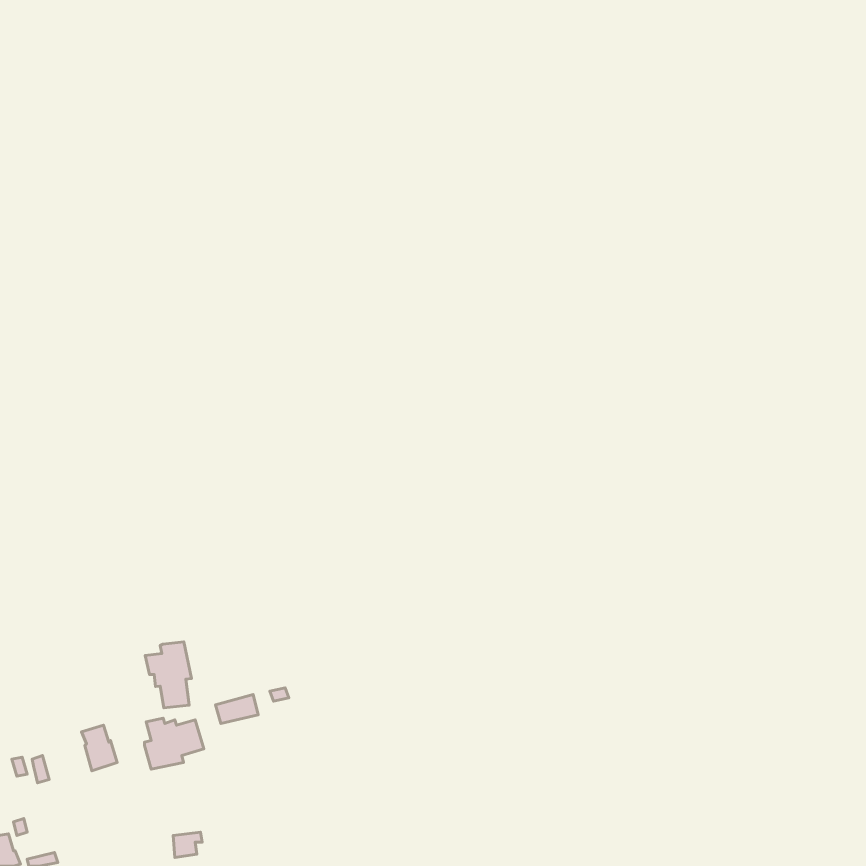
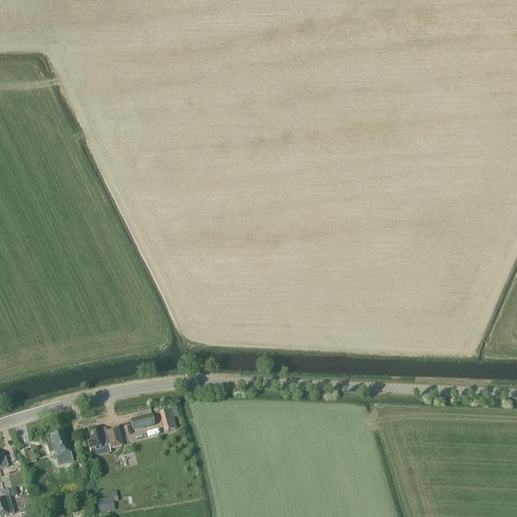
building: [145,642,192,708] -> none

